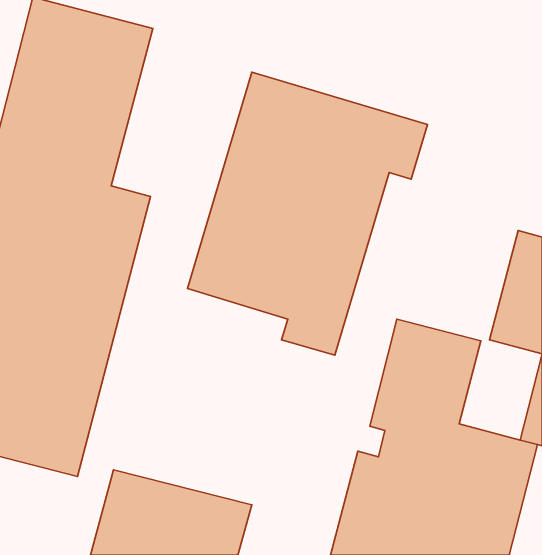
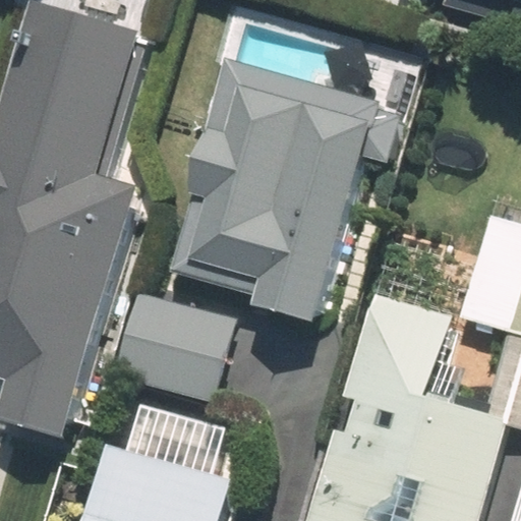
building: none -> [115,291,247,404]

